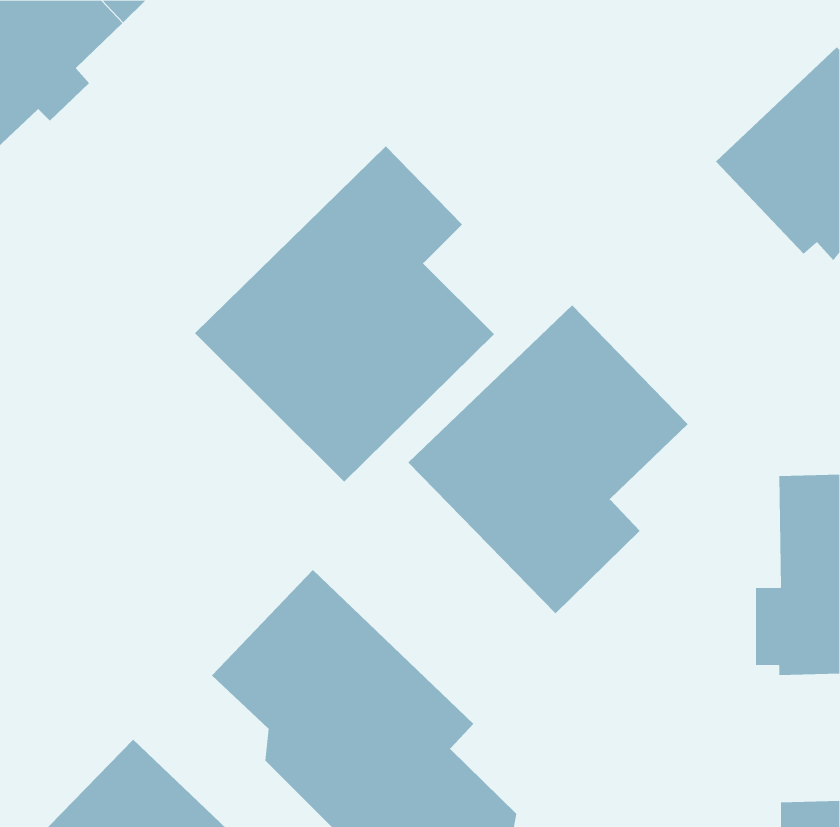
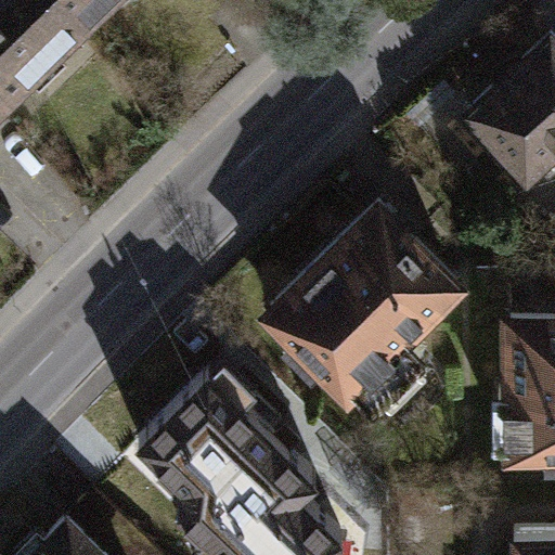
building: [194,146,495,482] -> none

